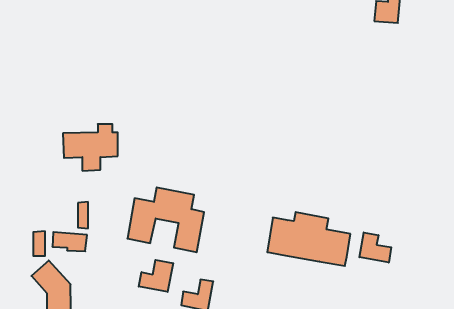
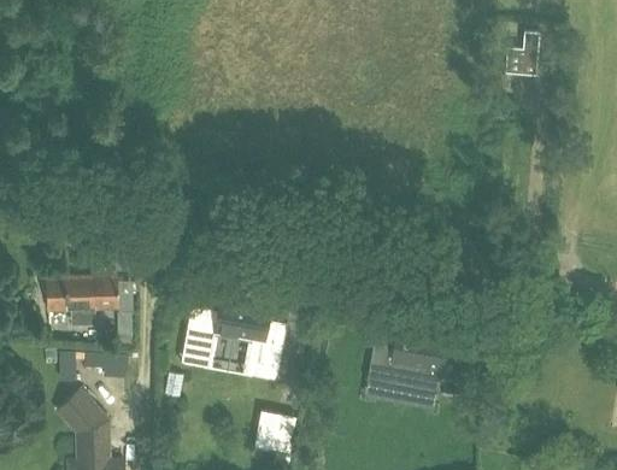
building: [63,124,118,171] -> [46,268,118,329]
building: [359,232,391,263] -> none
building: [139,260,173,292] -> none

